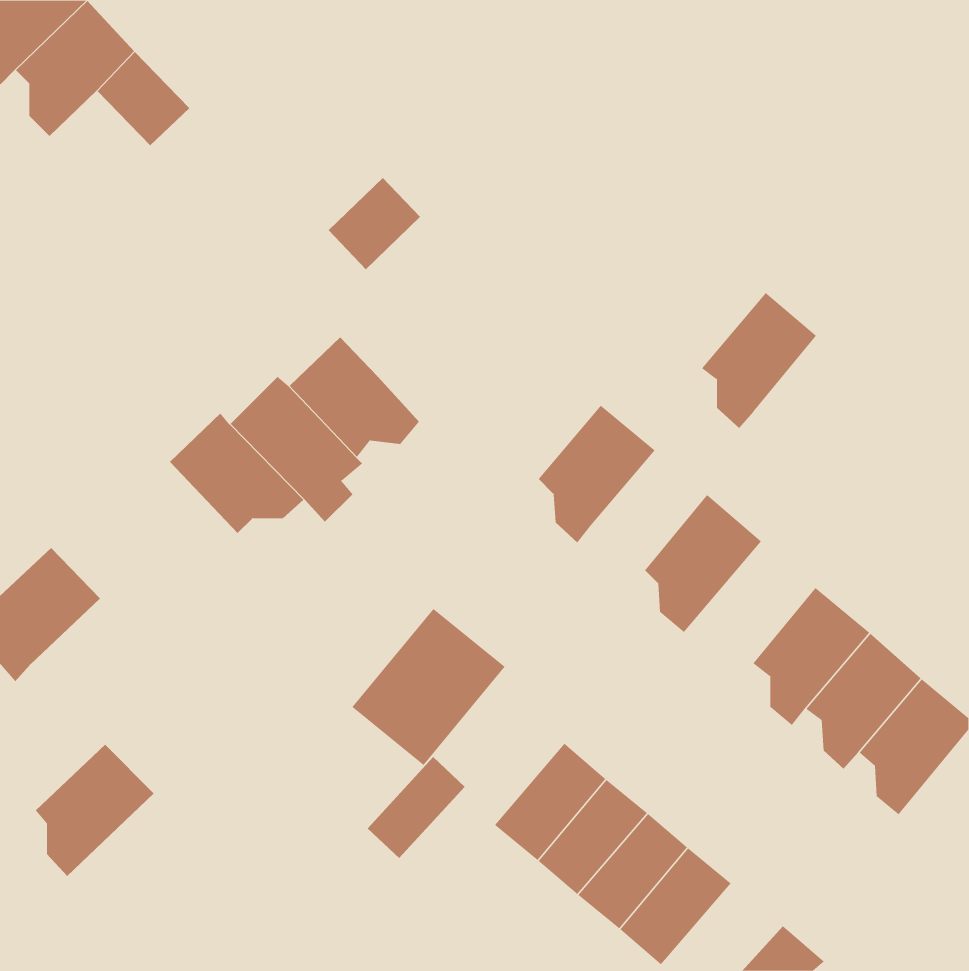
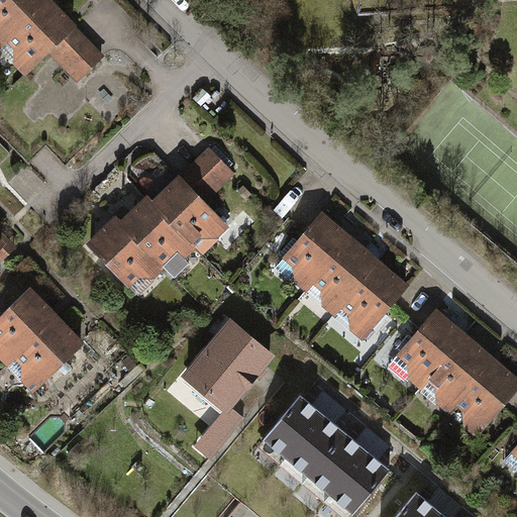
building: [328,177,421,270] -> [181,150,230,200]
building: [701,292,817,429] -> [314,239,376,312]
building: [35,744,155,877] -> [16,318,80,389]

